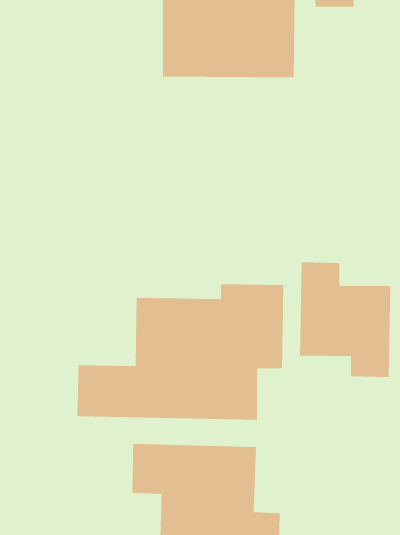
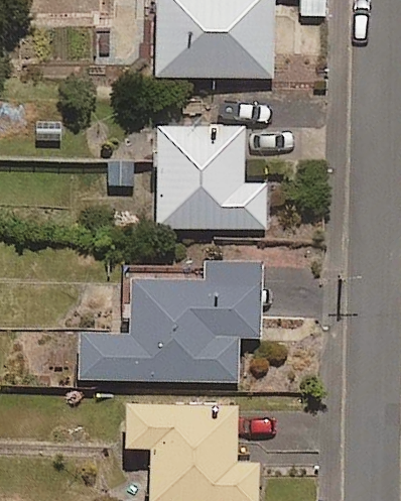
building: none -> [157,125,267,229]
building: [299,261,391,378] -> none

